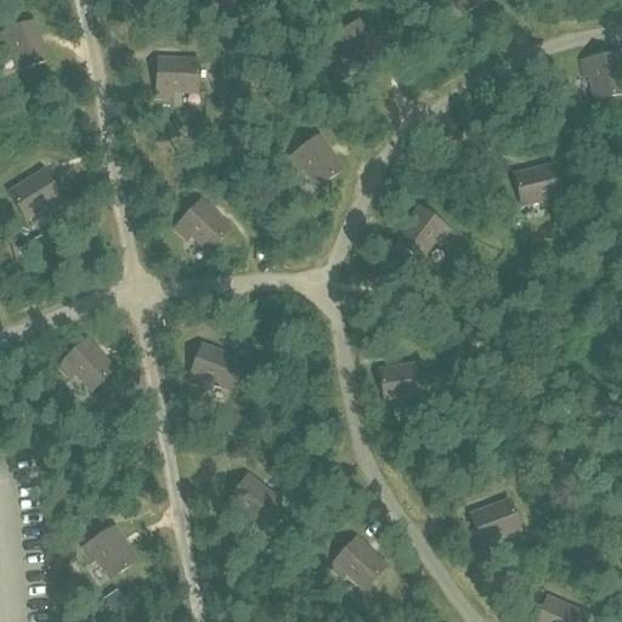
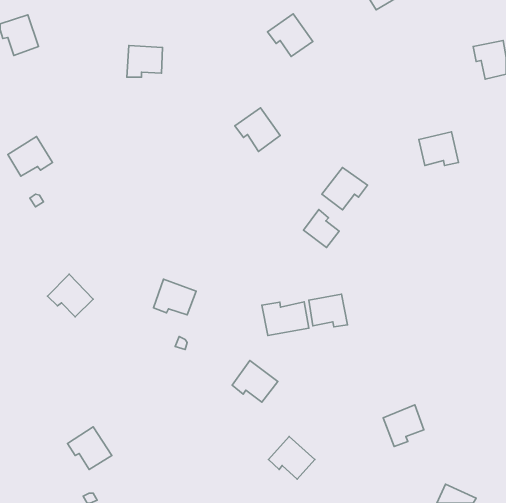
building: [175,198,231,249] -> none
building: none -> [304,210,339,247]
building: none -> [262,302,309,335]
building: [225,473,281,524] -> [232,361,278,402]

